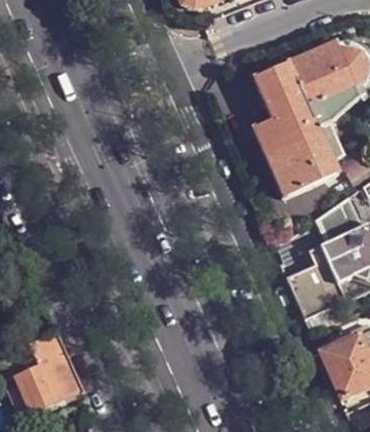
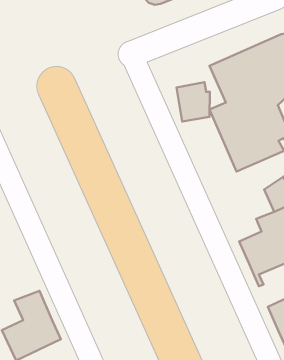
building: none -> [176,82,210,121]

